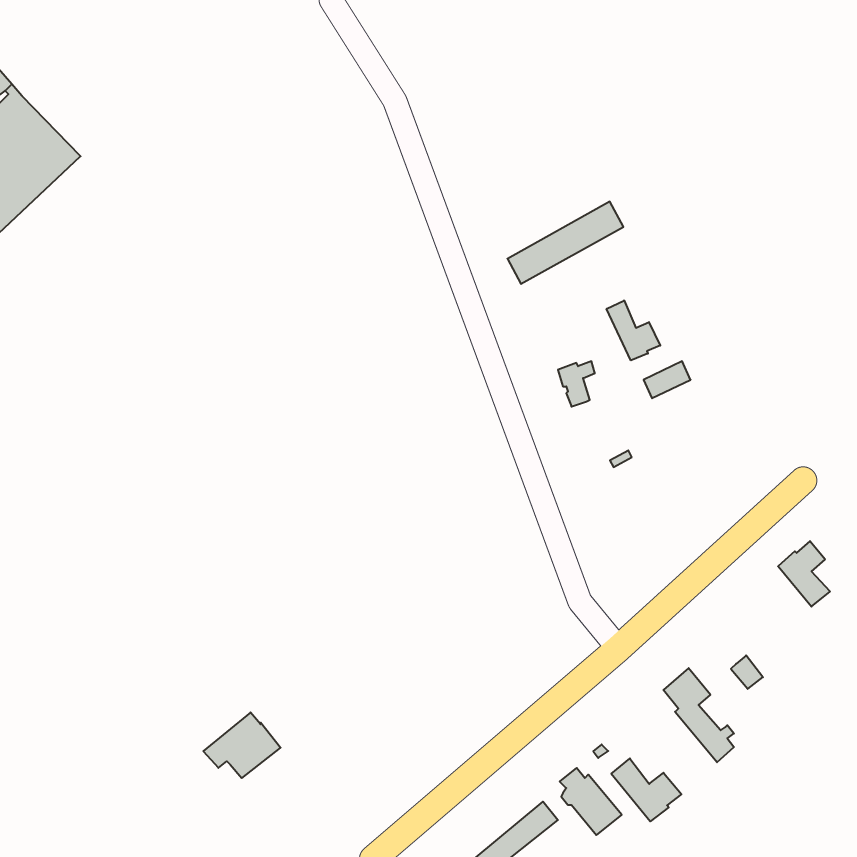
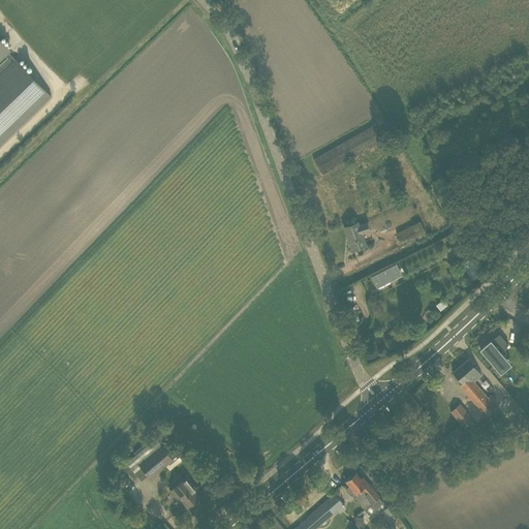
building: [607,300,660,360] -> none
building: [663,668,734,762] -> [452,360,495,417]
building: [611,758,681,821] -> none
building: none -> [167,477,197,507]

